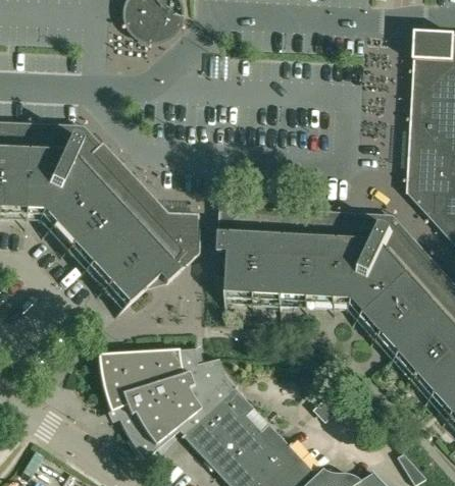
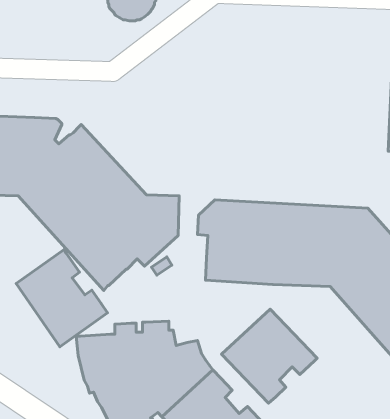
building: none -> [16,250,107,347]
building: none -> [222,309,317,403]

